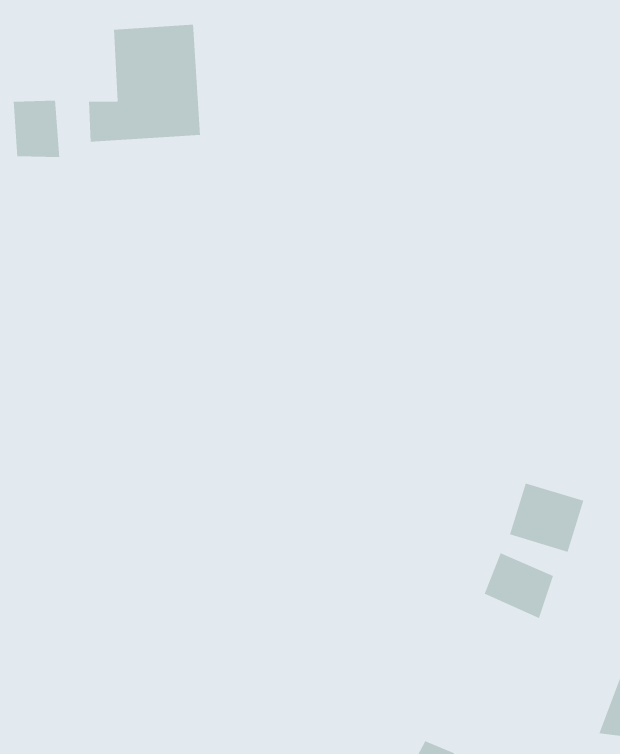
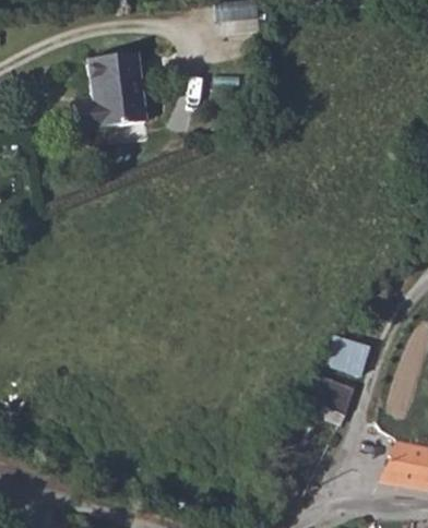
building: [13,100,60,158] -> none

